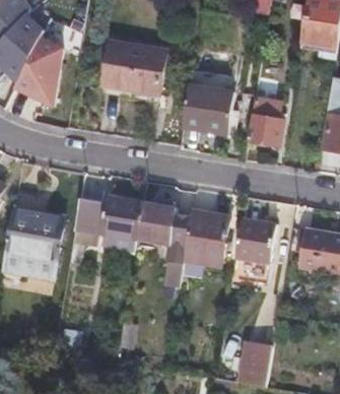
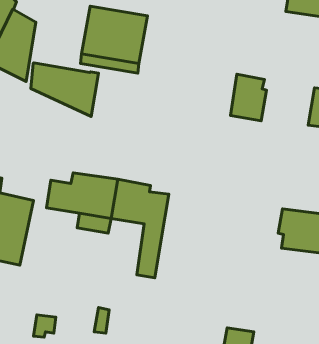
building: [184,68,240,133] -> none
building: none -> [31,63,98,117]
building: [183,209,227,265] -> none
building: [233,218,273,263] -> none

